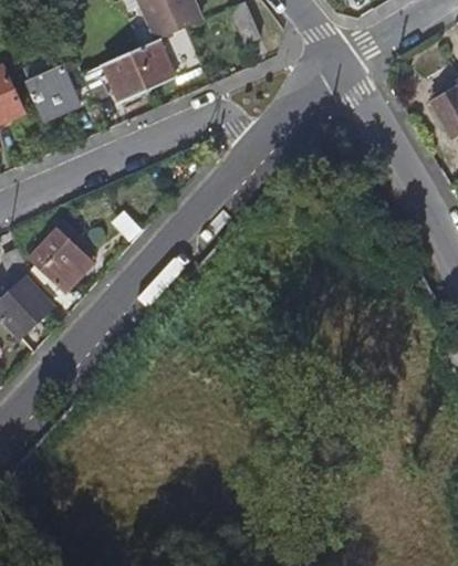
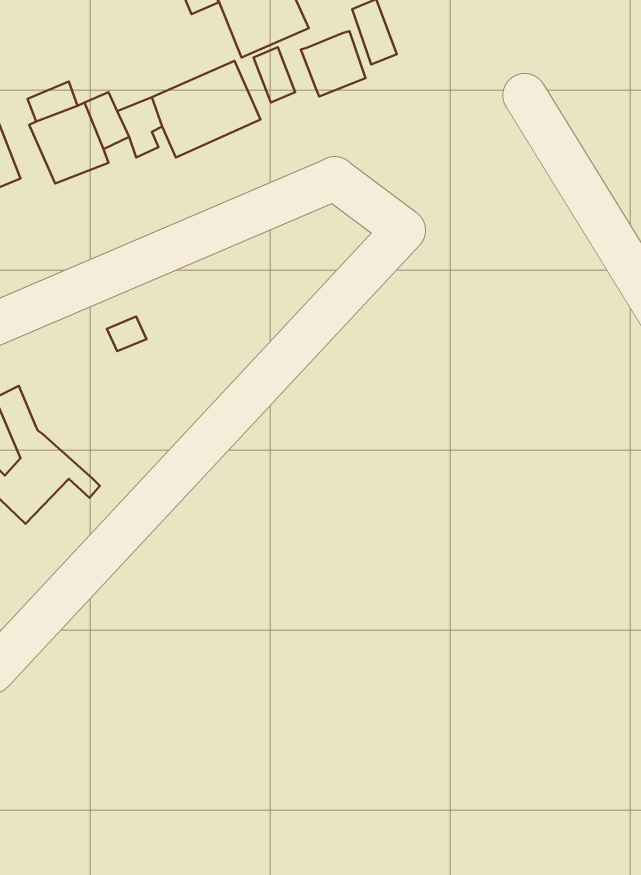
building: none -> [301,31,366,97]
building: [28,230,94,308] -> none

